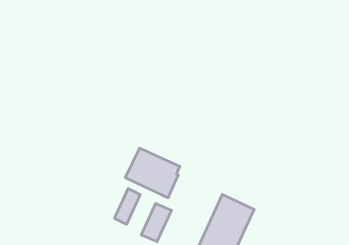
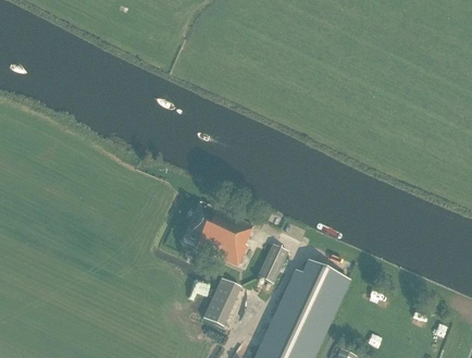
building: none -> [258,247,286,286]
building: [115,188,140,224] -> none

